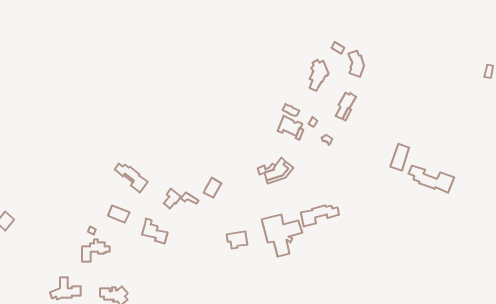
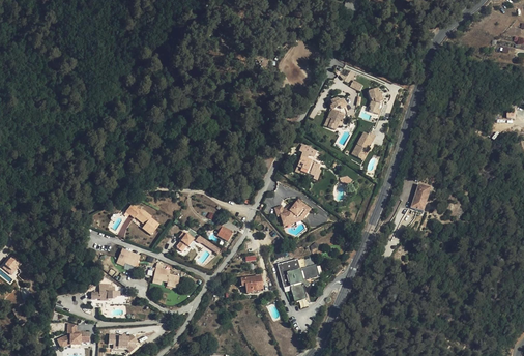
building: [408,166,454,193] -> none
building: [301,205,339,227] -> none

